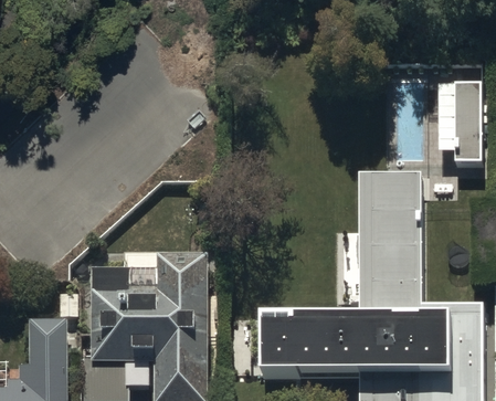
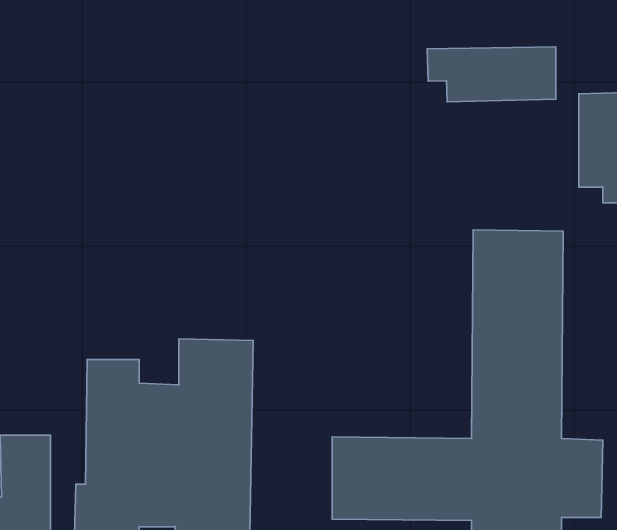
building: none -> [427,47,556,102]

